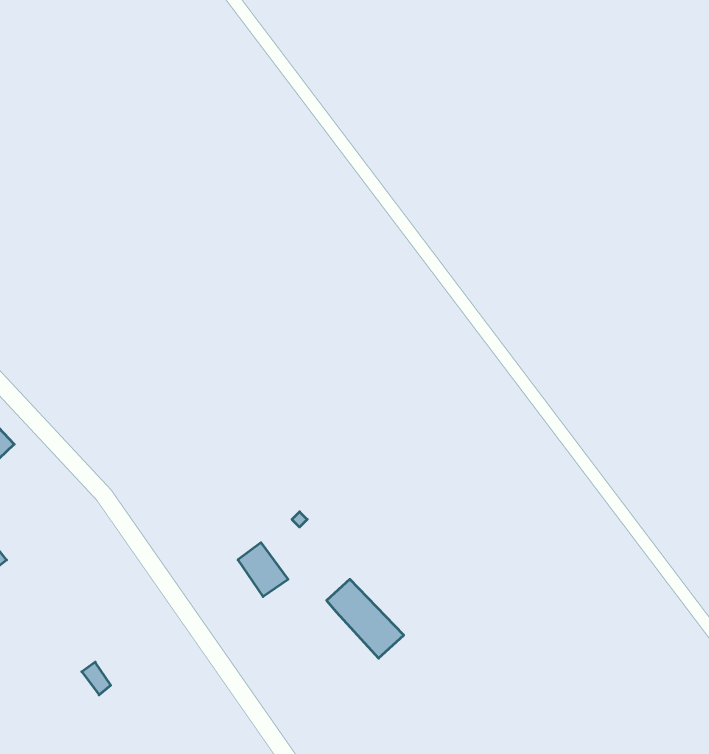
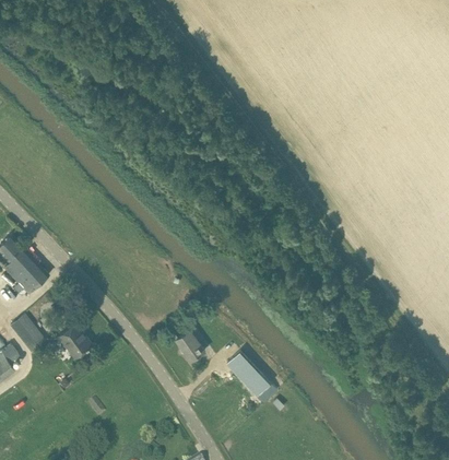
building: none -> [57,323,91,356]

